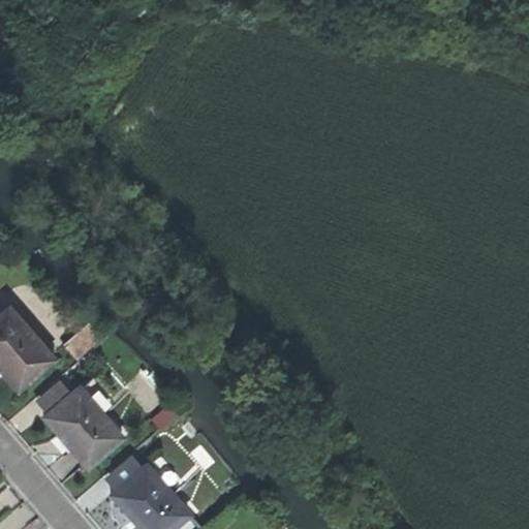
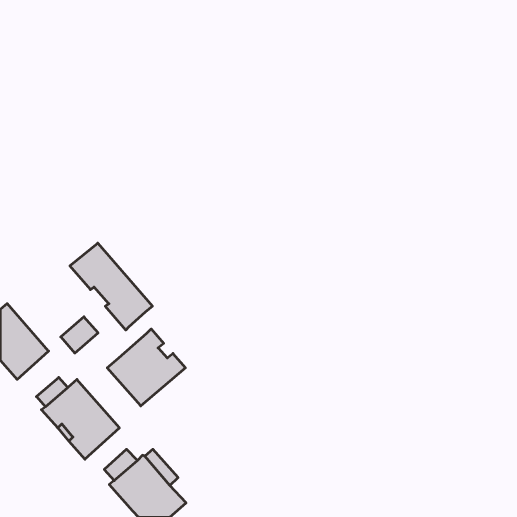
building: none -> [70,243,152,330]
building: none -> [107,329,185,406]

